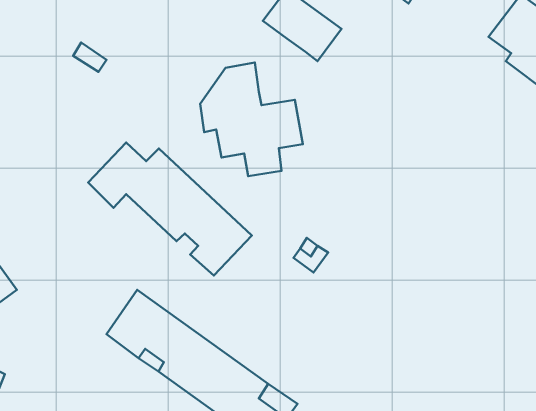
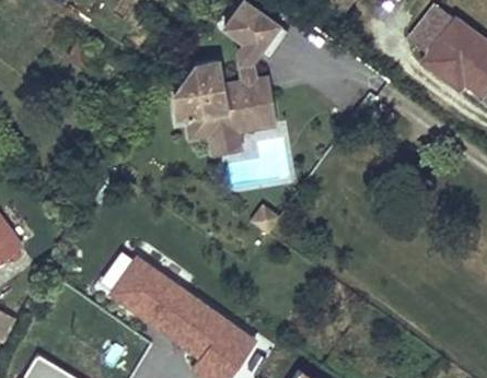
building: none -> [221,42,276,128]
building: [88,142,252,276] -> none

